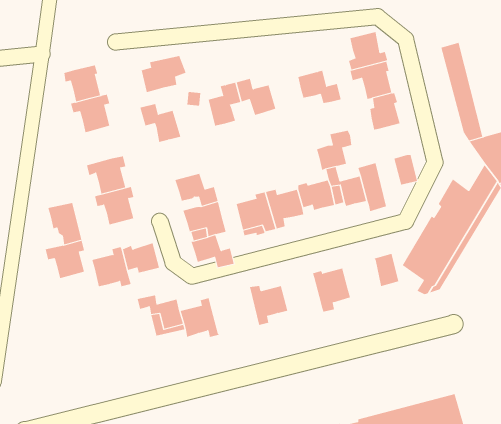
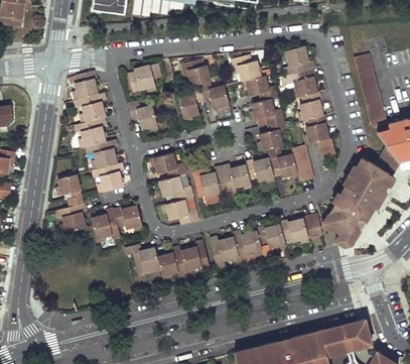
building: none -> [232,54,261,81]
building: none -> [181,58,211,86]
building: none -> [252,99,284,123]
building: none -> [306,115,328,143]
building: none -> [76,117,106,146]
building: none -> [280,218,308,241]
building: none -> [234,231,263,261]
building: none -> [180,240,211,270]

